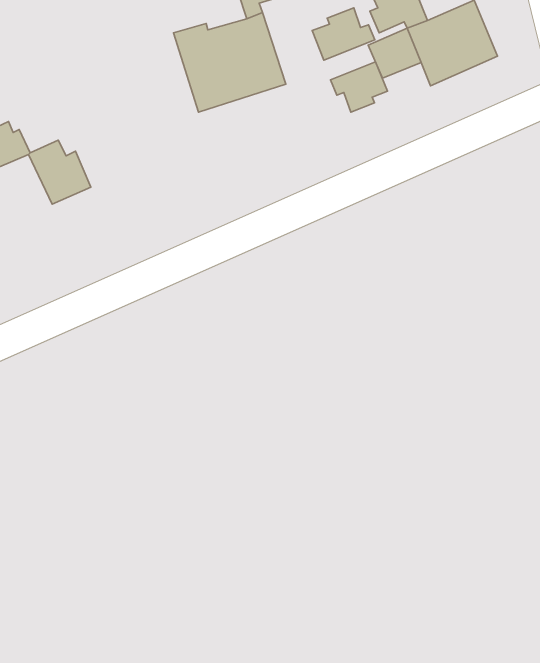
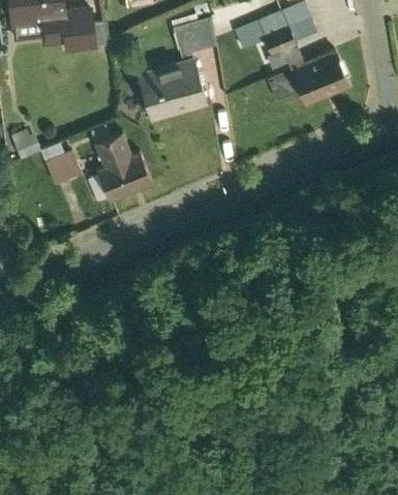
building: [312,8,375,60] -> none
building: [330,62,387,112] -> none
building: none -> [93,129,153,202]

